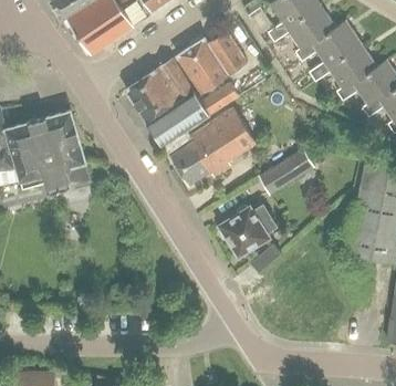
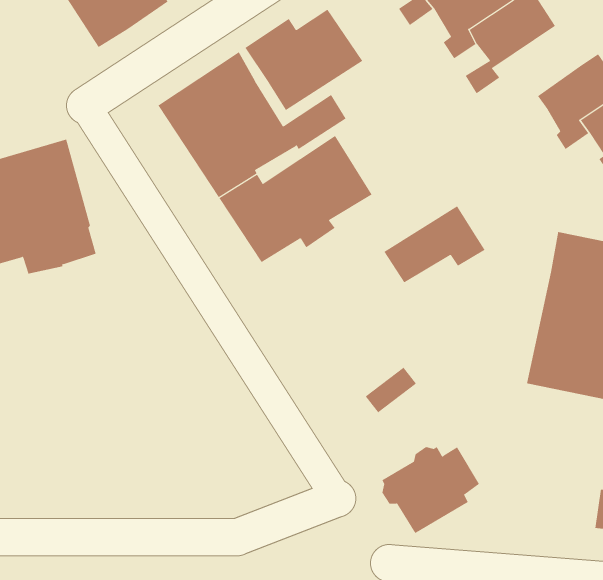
building: [325,42,378,102] -> none
building: [218,205,277,257] -> [382,447,480,534]

